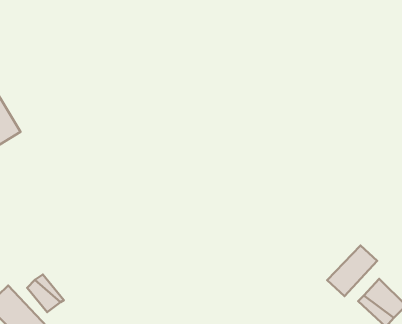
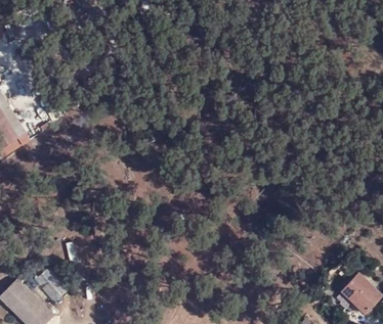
building: [327,246,377,296] -> none

